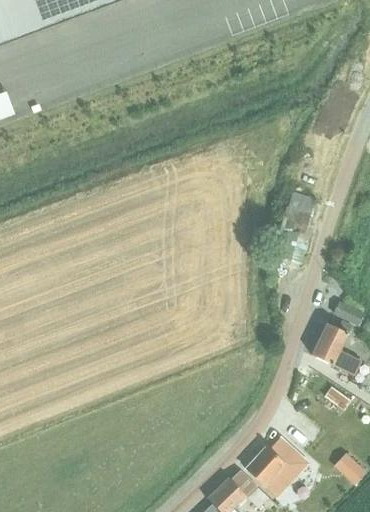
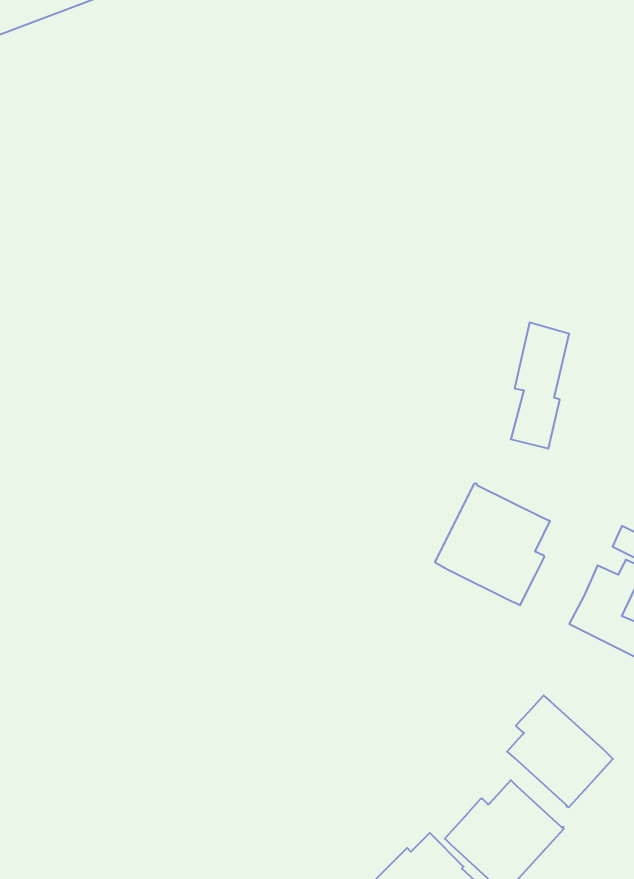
building: none -> [435,483,550,605]
building: none -> [507,695,613,807]

